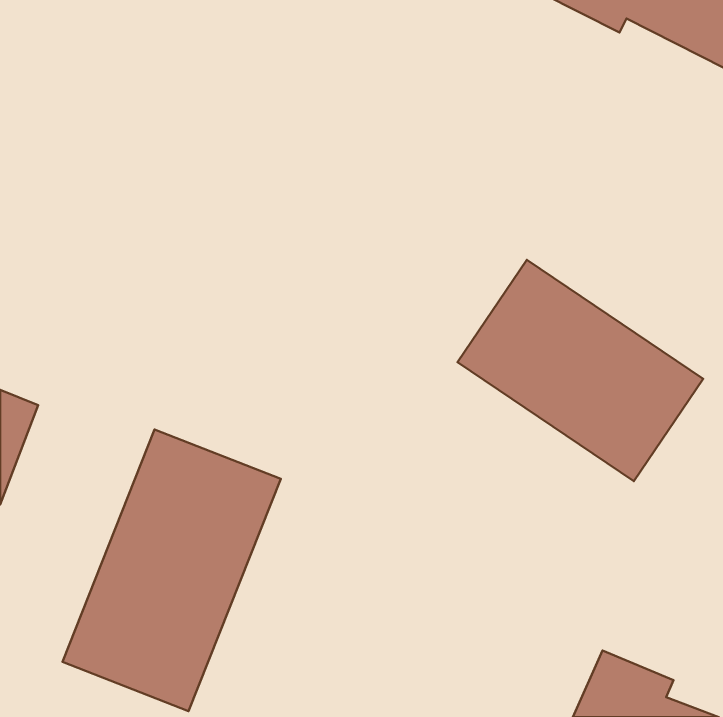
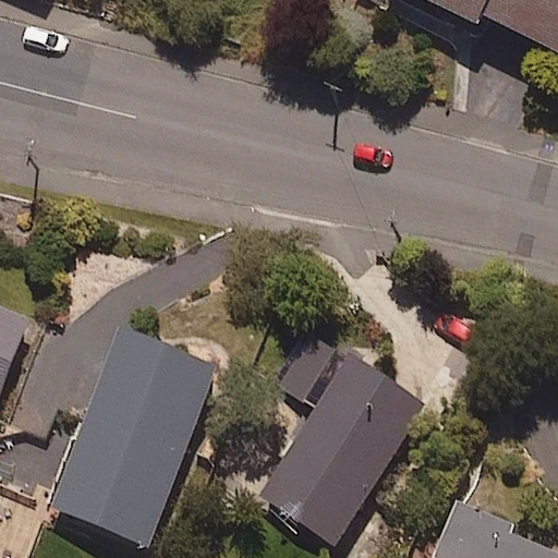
building: [457,260,703,481] -> none
building: none -> [255,355,424,544]

